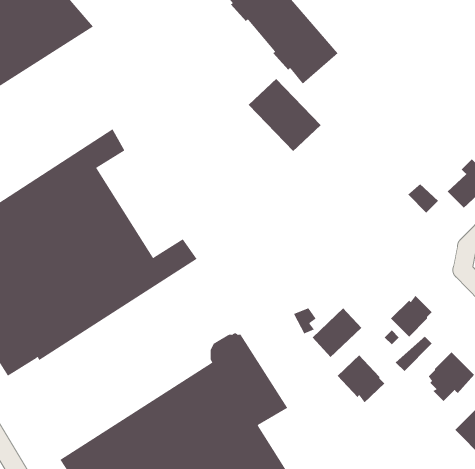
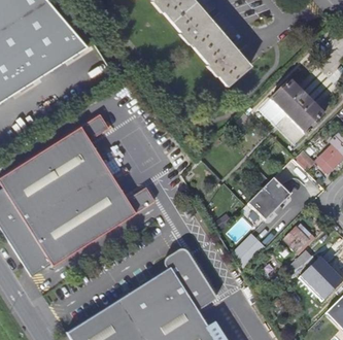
building: [248,78,322,152] -> [272,82,320,131]
building: none -> [248,177,289,219]
building: [337,355,385,403] -> none

